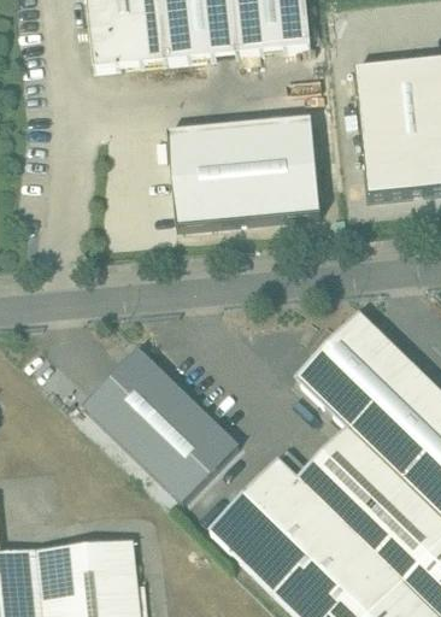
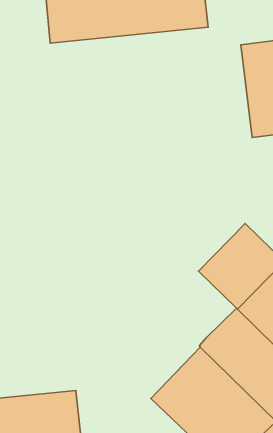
building: [170,117,321,223] -> none
building: [82,349,239,504] -> none
building: [210,449,307,551] -> none

